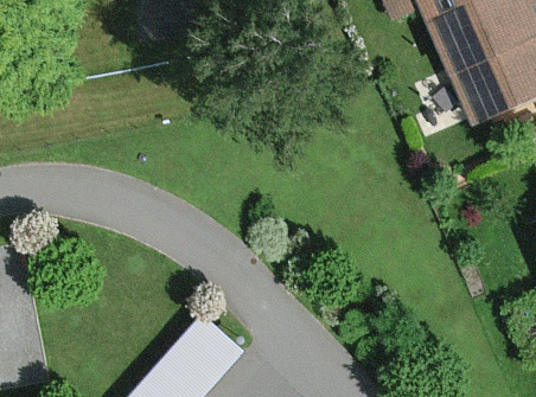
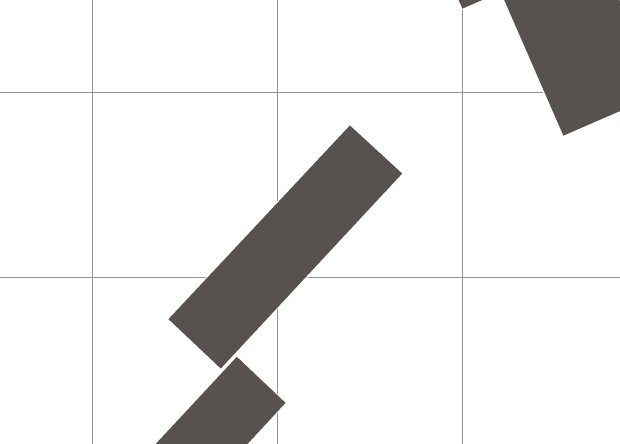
building: none -> [167,124,403,370]

